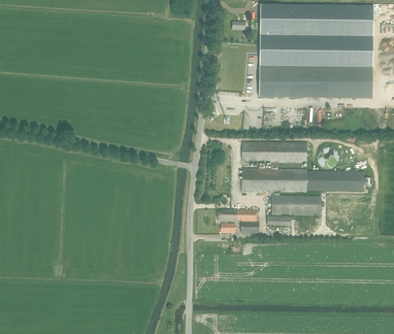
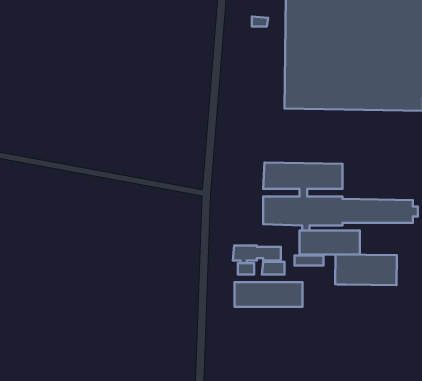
building: none -> [335,254,397,285]
building: none -> [234,282,302,307]

